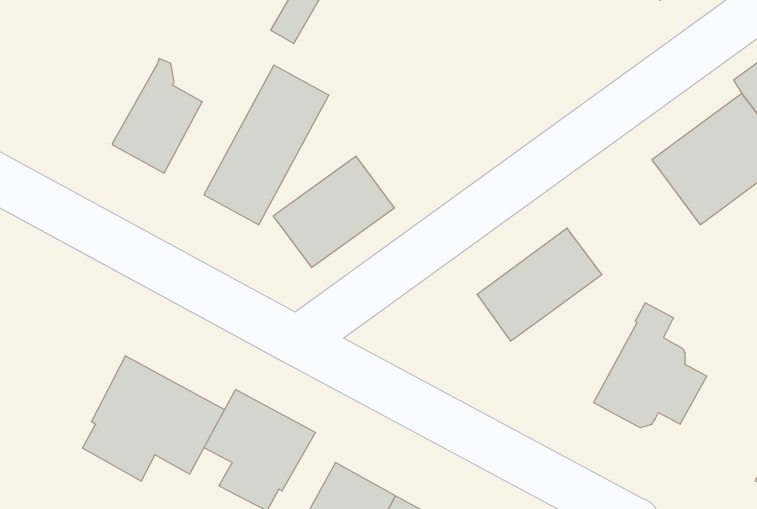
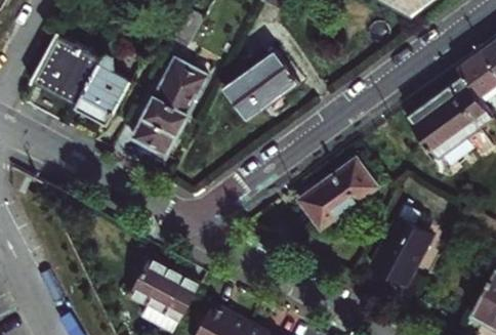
building: none -> [30,33,102,106]
building: [273,156,395,268] -> [222,50,297,119]
building: [83,356,225,481] -> none

